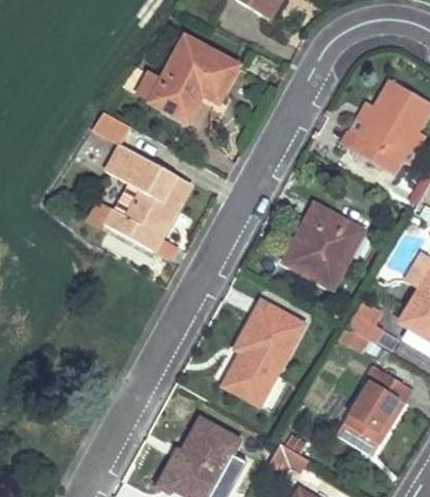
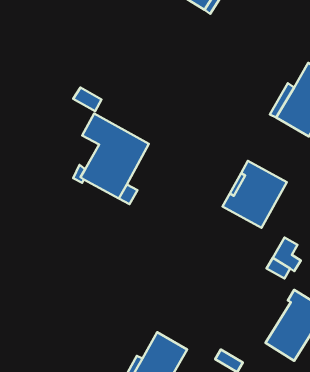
building: [121,37,235,119] -> none
building: [223,301,302,412] -> none

